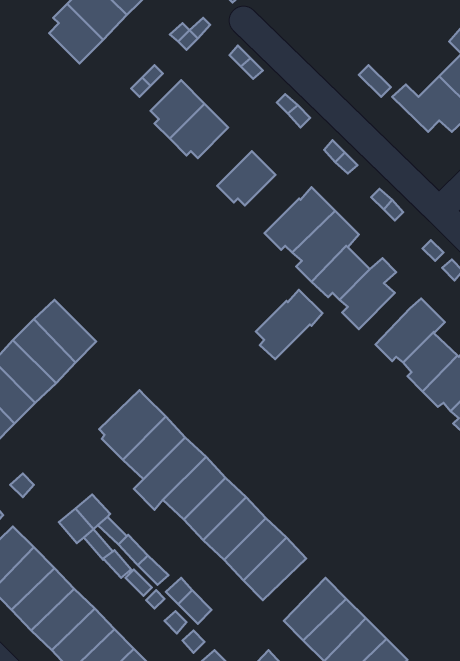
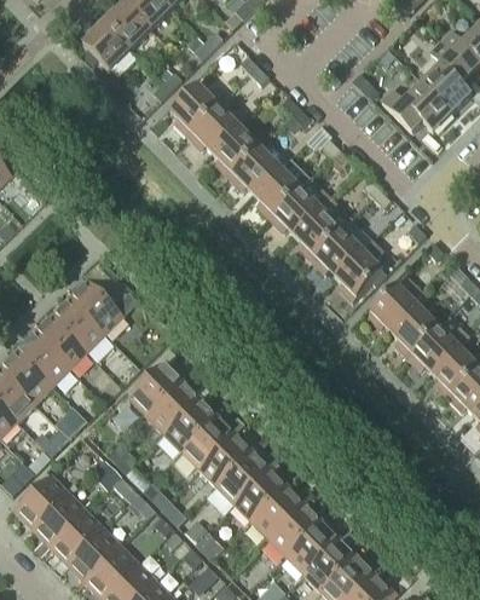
building: none -> [213,128,260,179]
building: [256,290,322,359] -> [254,160,312,220]
building: none -> [270,503,324,558]

